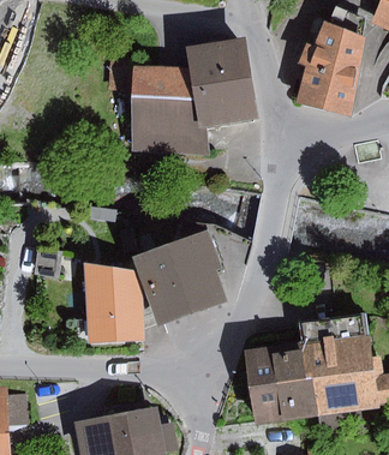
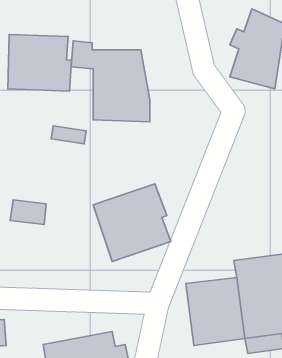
building: [185,37,257,128] -> none
building: none -> [8,34,72,91]
building: [84,264,144,342] -> none

